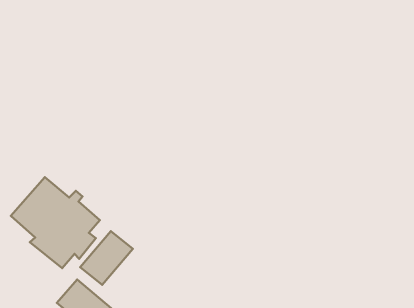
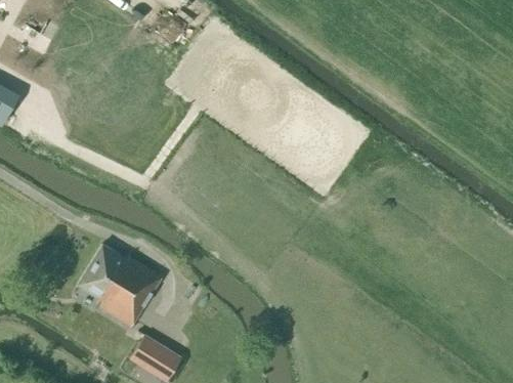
building: [80,231,133,285] -> none

